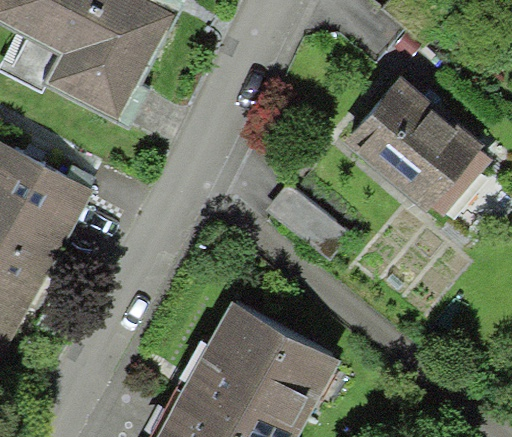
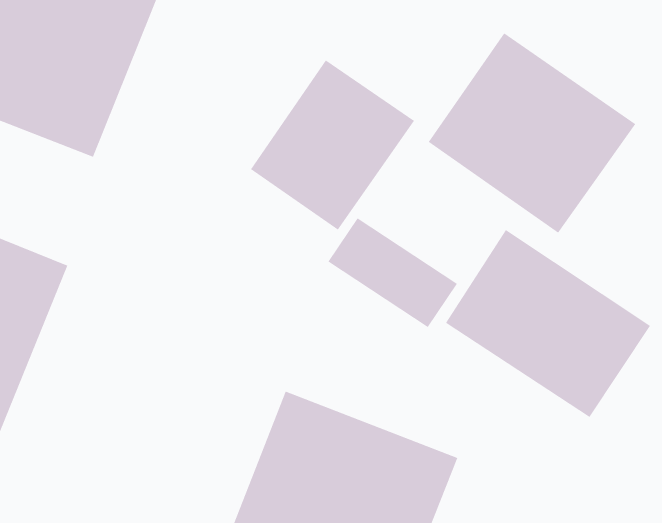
building: none -> [250,60,415,230]
building: none -> [445,229,651,418]

